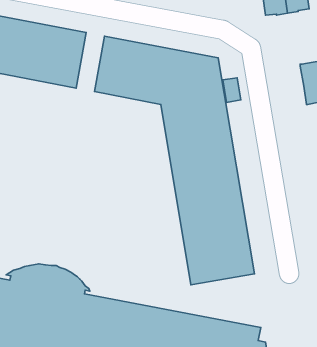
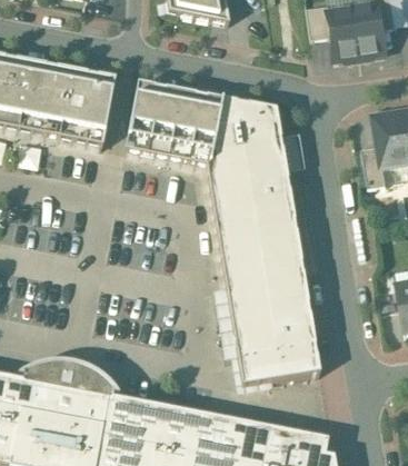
building: none -> [365,142,388,185]

